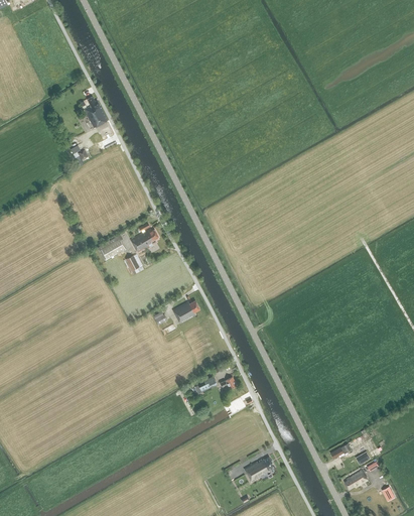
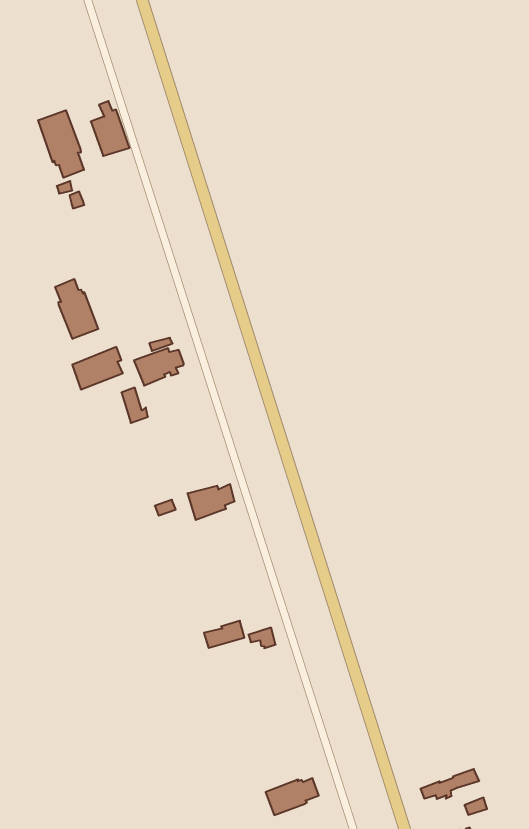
building: none -> [38,110,84,178]
building: none -> [55,279,98,339]

